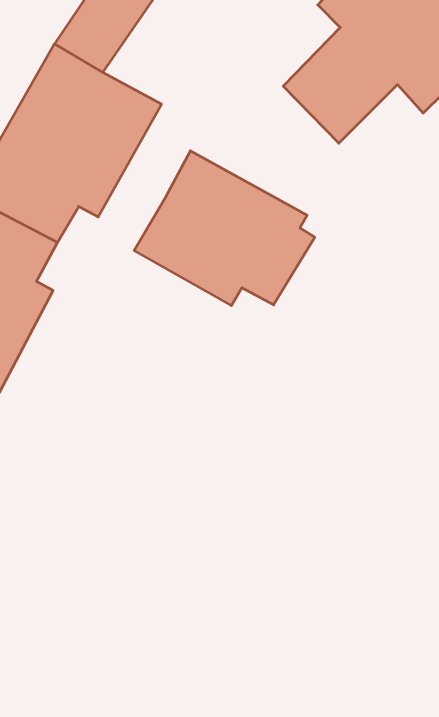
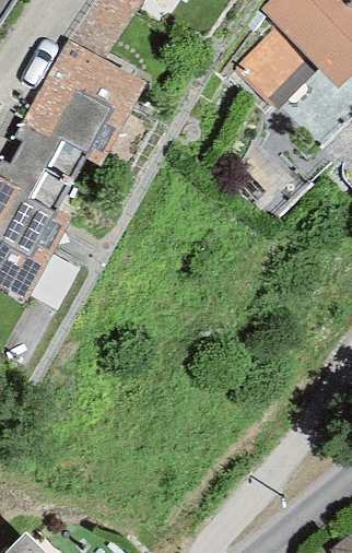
building: [134,151,315,306] -> none

